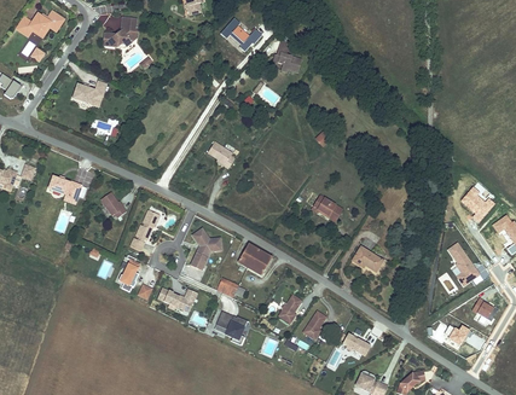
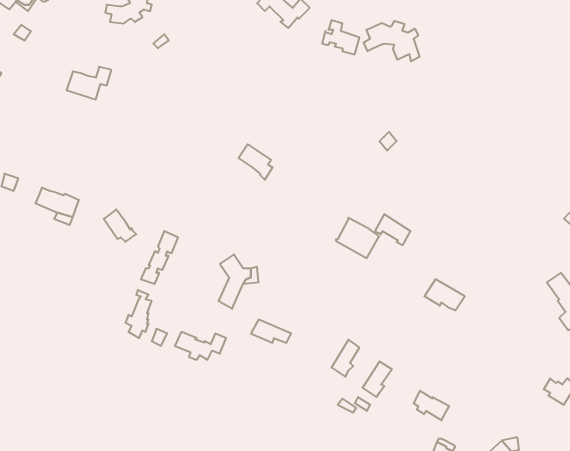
building: none -> [364,21,419,62]
building: [238,243,272,274] -> [336,218,379,258]
building: [216,310,248,344] -> none

